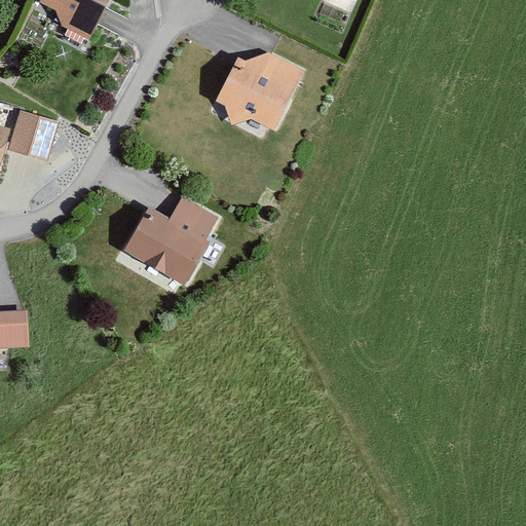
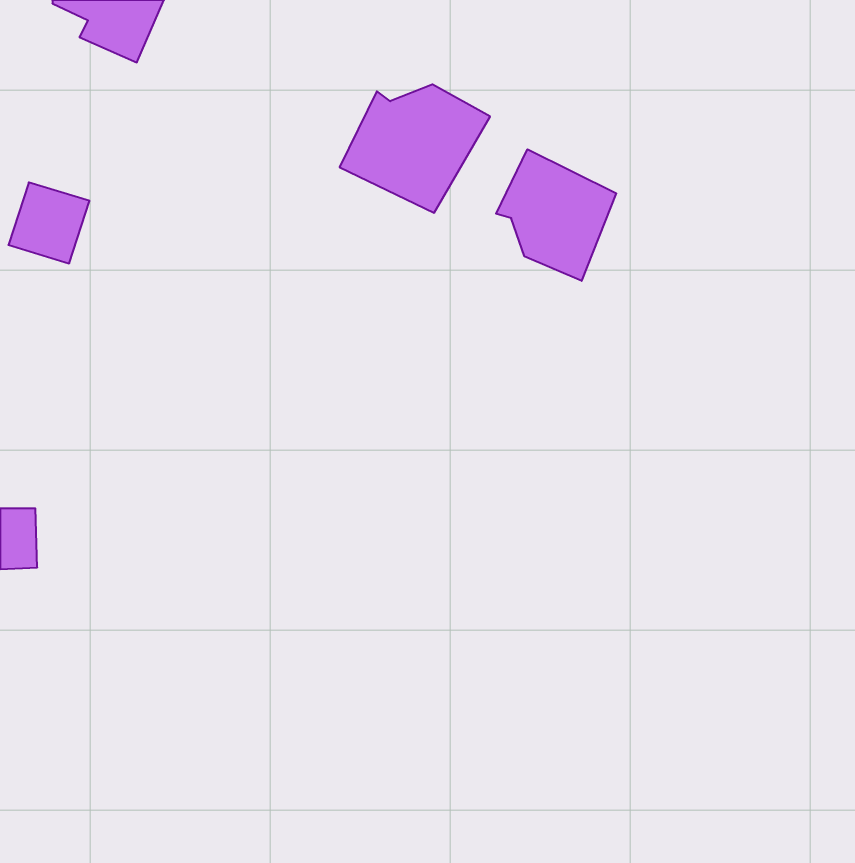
building: none -> [496,149,616,281]
building: [121,196,219,284] -> none

